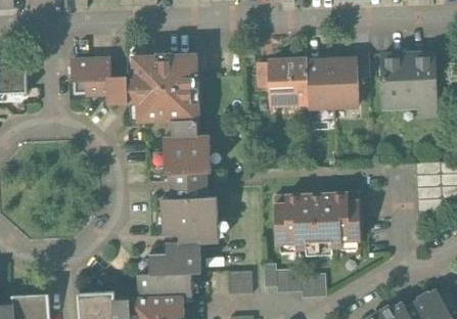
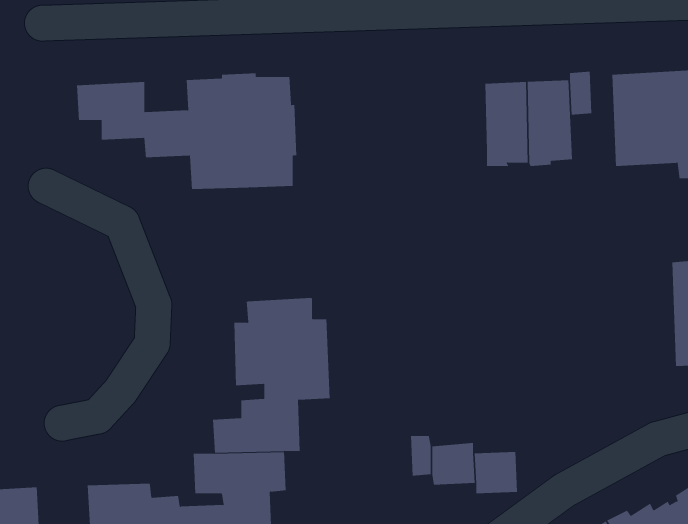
building: [271,60,308,101] -> none
building: [164,120,211,186] -> none
building: [274,192,360,252] -> none
building: [228,271,253,294] -> none

